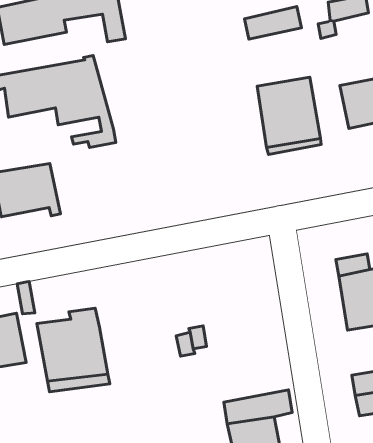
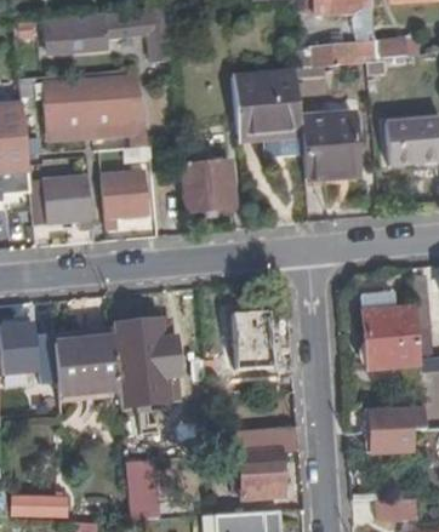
building: none -> [222,74,292,143]
building: none -> [186,151,239,204]
building: none -> [102,168,149,228]
building: none -> [235,304,279,365]
building: none -> [116,310,176,400]

